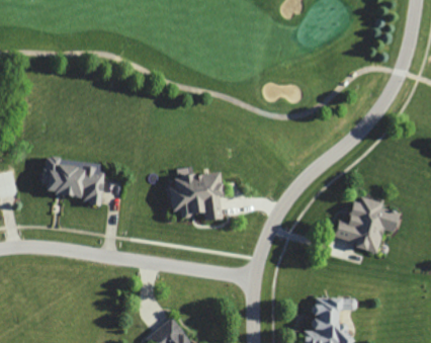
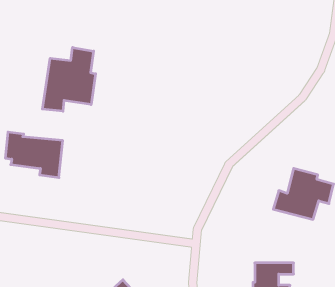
building: none -> [42,47,96,111]
building: [169,168,224,221] -> none

